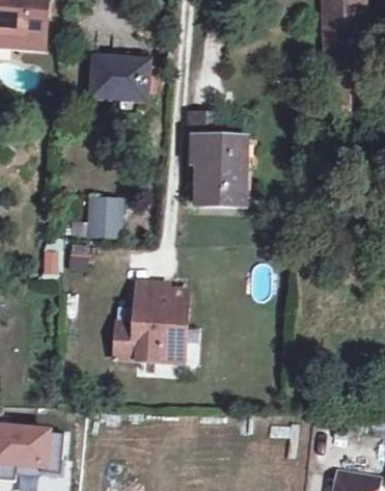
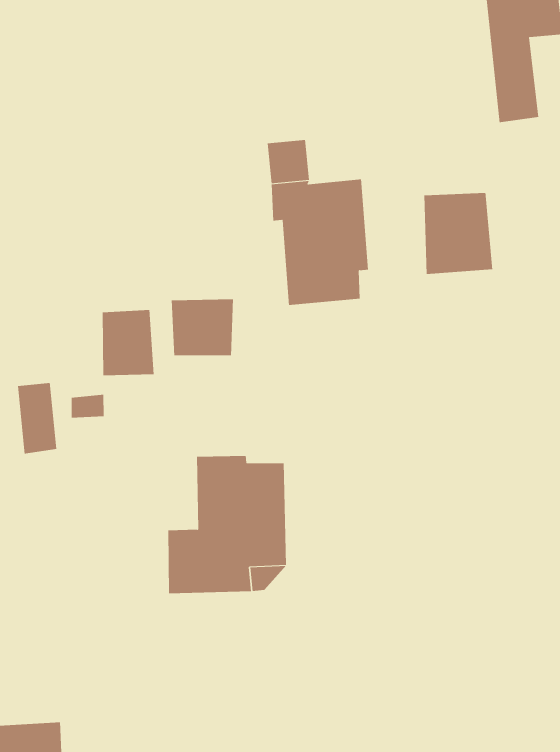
building: [89,57,148,101] -> none
building: none -> [424,192,493,275]
building: none -> [171,298,233,356]

